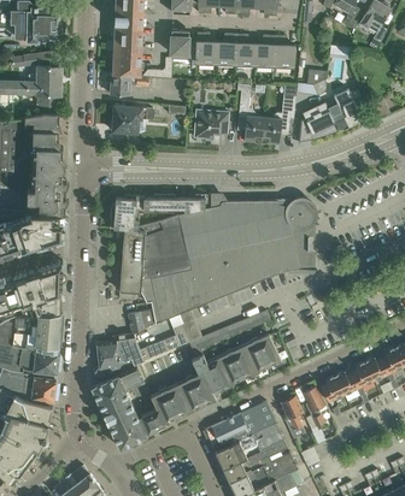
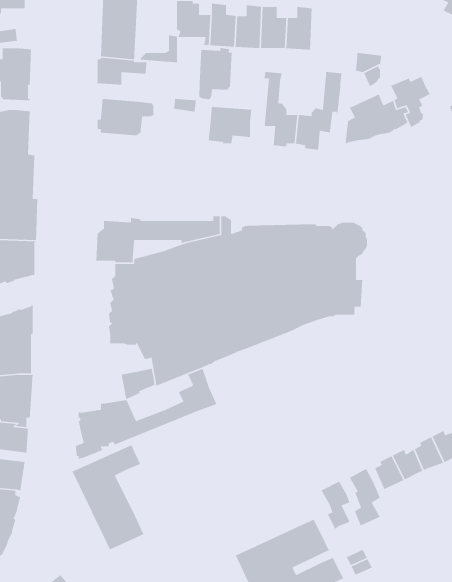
building: [272,36,294,70] -> none
building: none -> [199,47,233,100]
building: [137,311,281,436] -> none
building: [204,401,276,451] -> none

